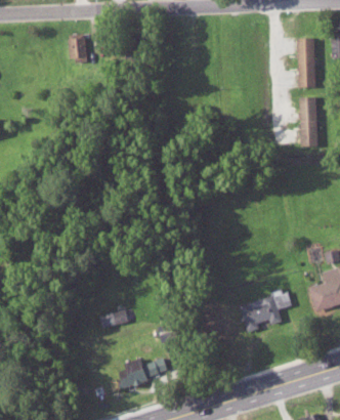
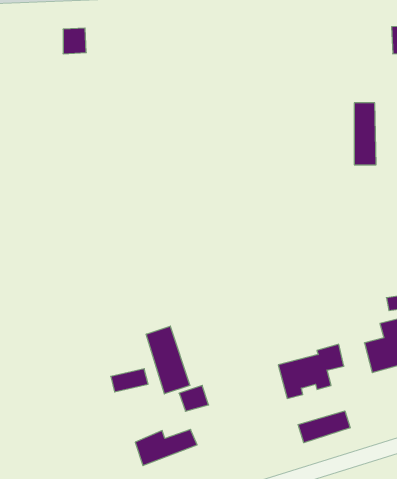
building: [297,38,315,87] -> none
building: none -> [146,326,190,394]
building: none -> [298,411,350,443]

